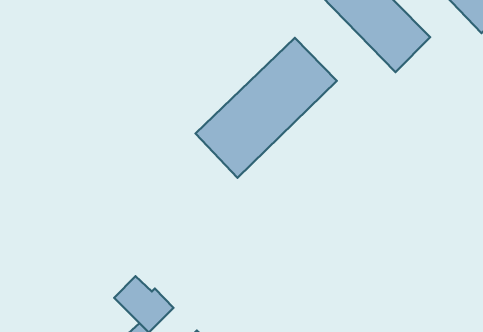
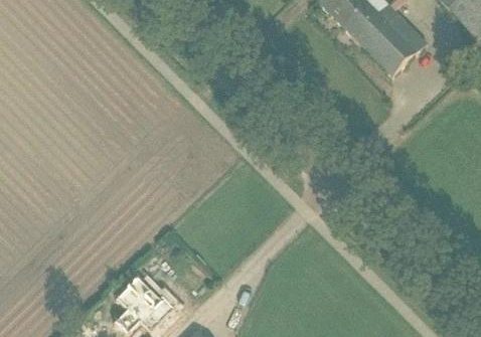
building: [196,38,337,178] -> none

